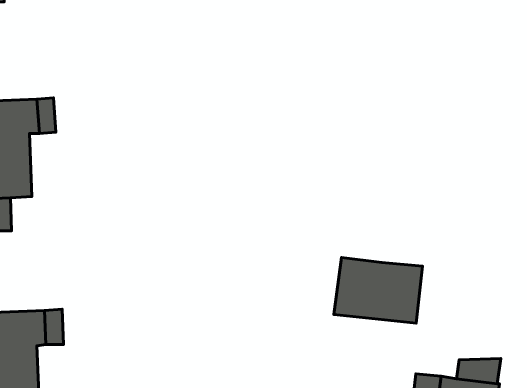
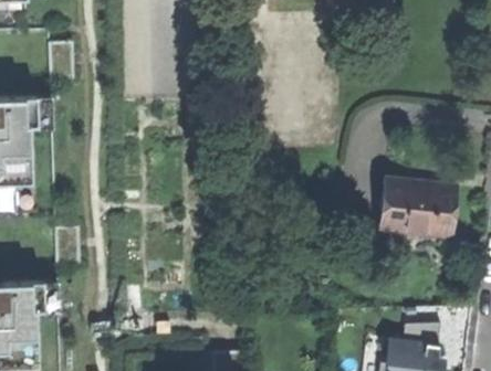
building: [334,257,422,323] -> [378,180,456,237]

